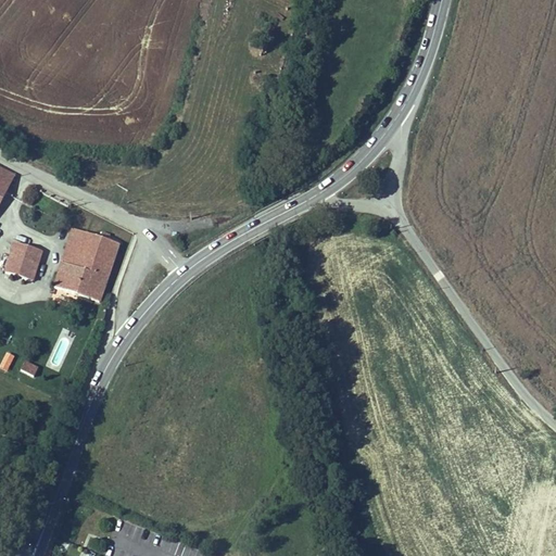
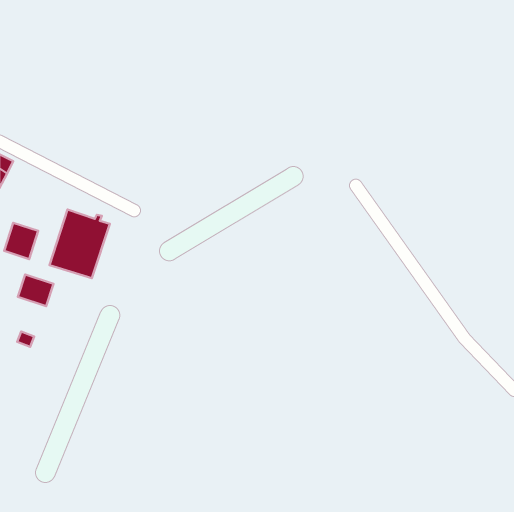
building: none -> [18,275,53,306]

